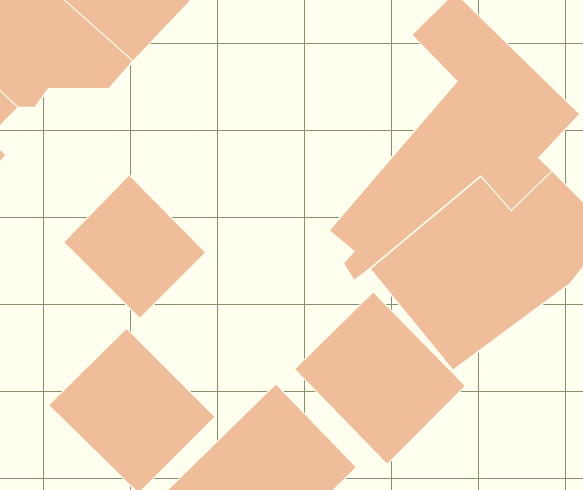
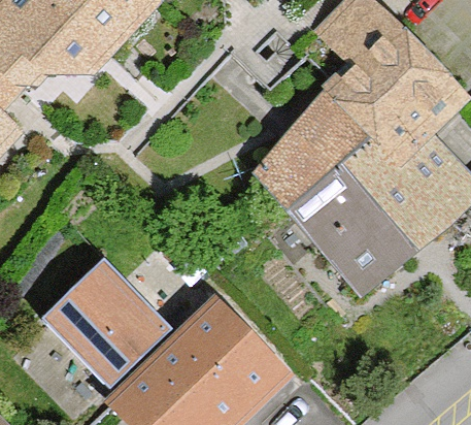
building: [63,175,206,319] -> none
building: [295,292,466,464] -> none

